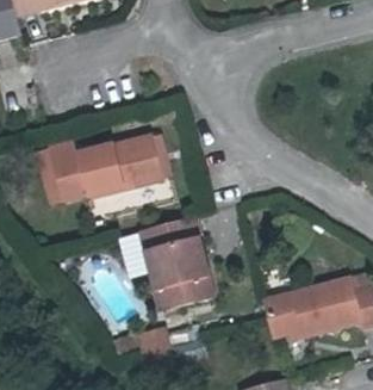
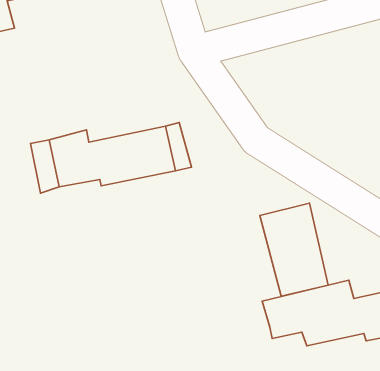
building: [142,219,207,309] -> [260,203,328,296]

